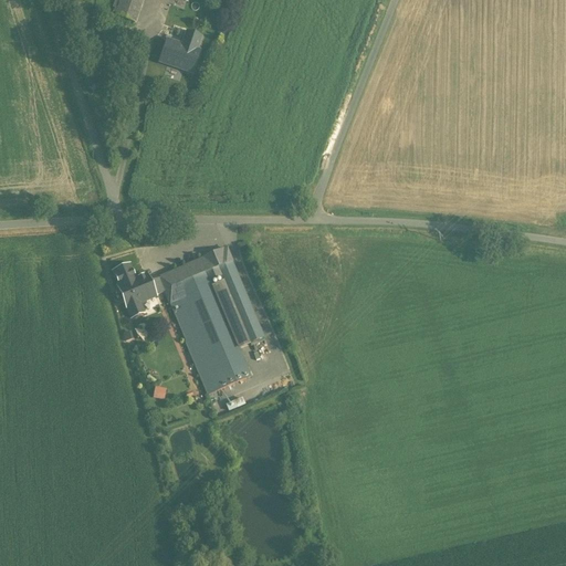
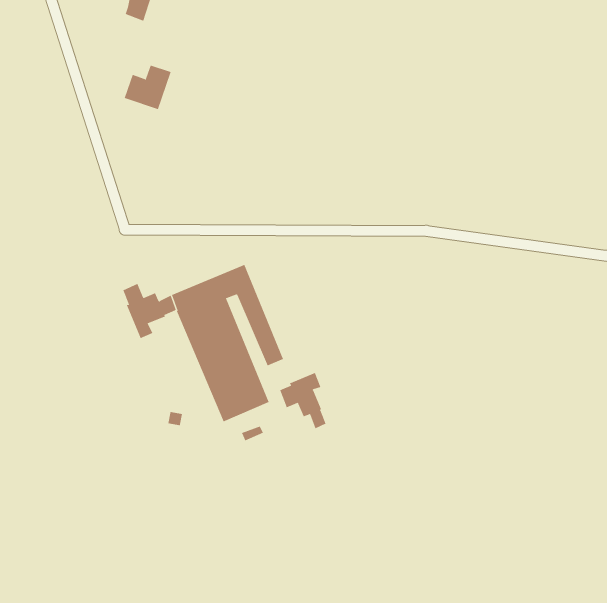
building: [159,28,203,70] -> [124,65,171,110]
building: none -> [279,372,327,429]

